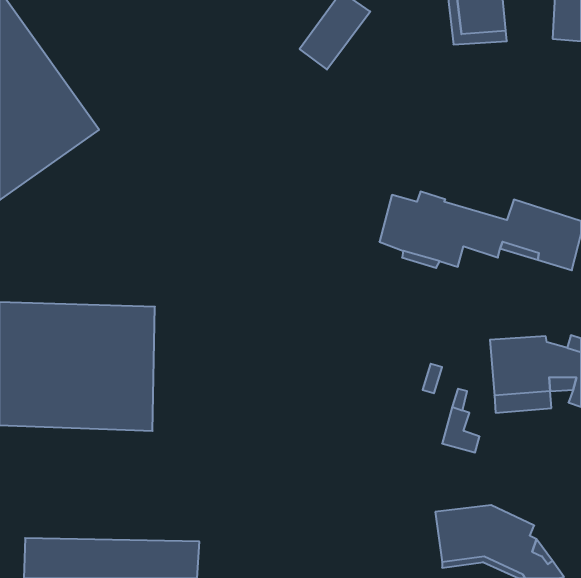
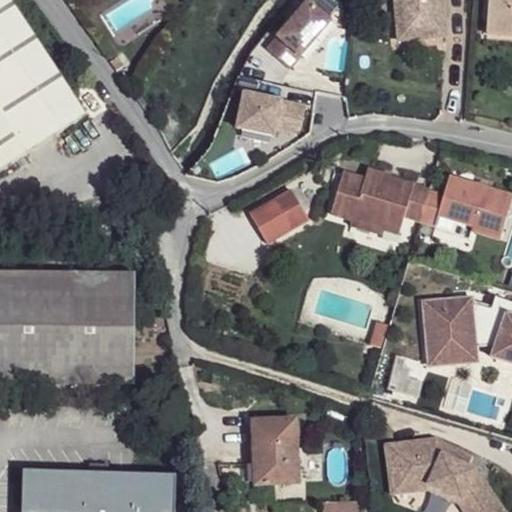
building: none -> [235,89,303,131]
building: none -> [253,190,312,244]
building: none -> [252,422,296,483]

